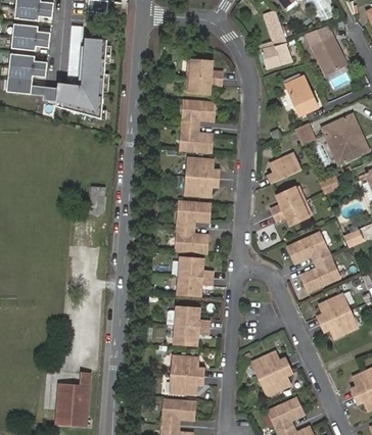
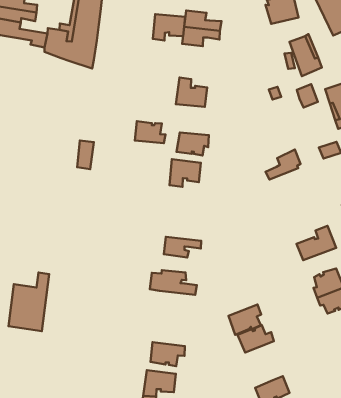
building: [183,99,213,124] -> [153,14,185,41]
building: [268,153,297,182] -> none
building: [186,156,215,176] -> [135,121,165,143]
building: [273,202,310,223] -> none
building: [177,225,205,250] -> none
building: [289,233,330,262] -> none
building: [178,254,213,276] -> none
building: [175,325,208,343] -> none
building: [171,356,202,376] -> none
building: [259,367,289,396] -> [229,304,261,335]
building: [55,371,91,426] -> [9,272,49,331]

